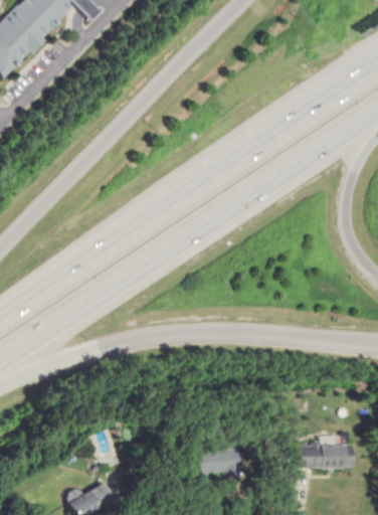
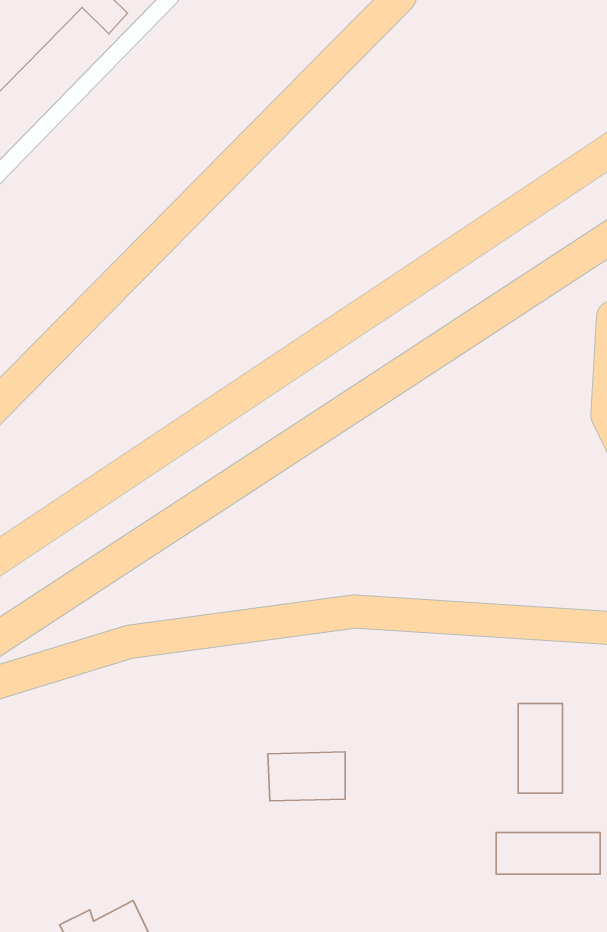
building: none -> [518,703,563,793]
building: [198,449,239,475] -> [268,752,345,801]

